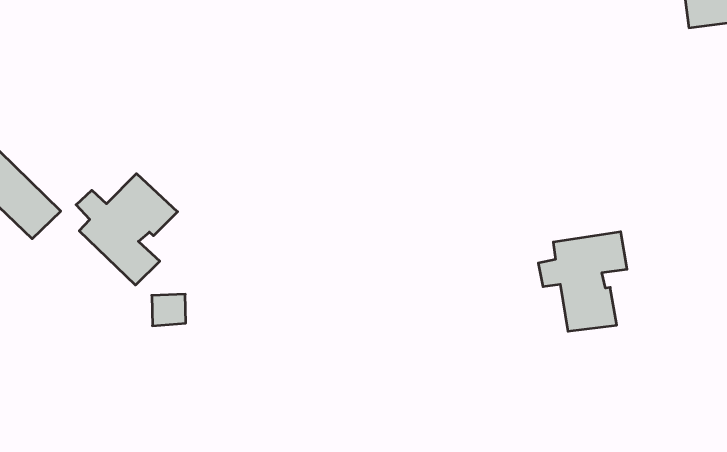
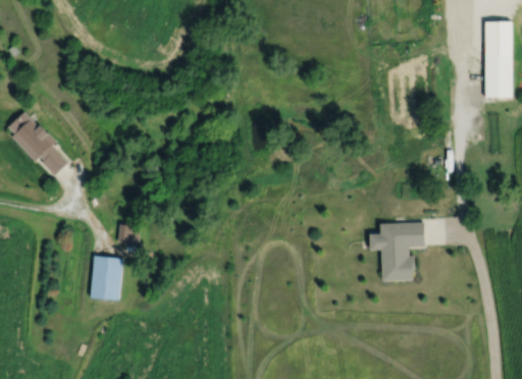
building: [76,174,178,285] -> none
building: none -> [90,256,124,301]

